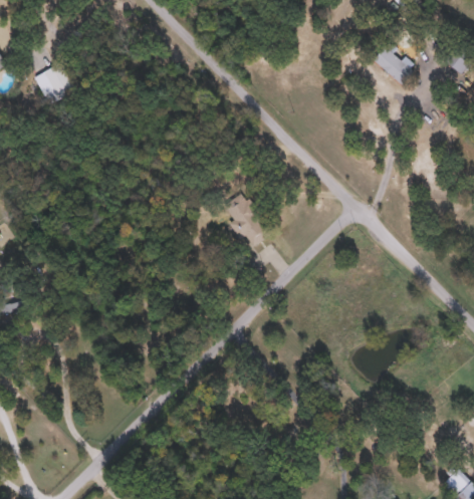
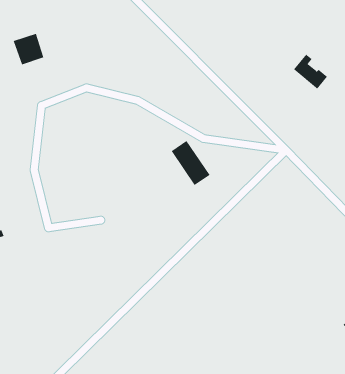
building: [373,42,414,84] -> [293,54,328,89]

